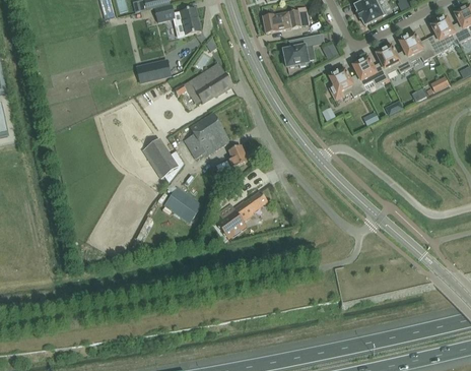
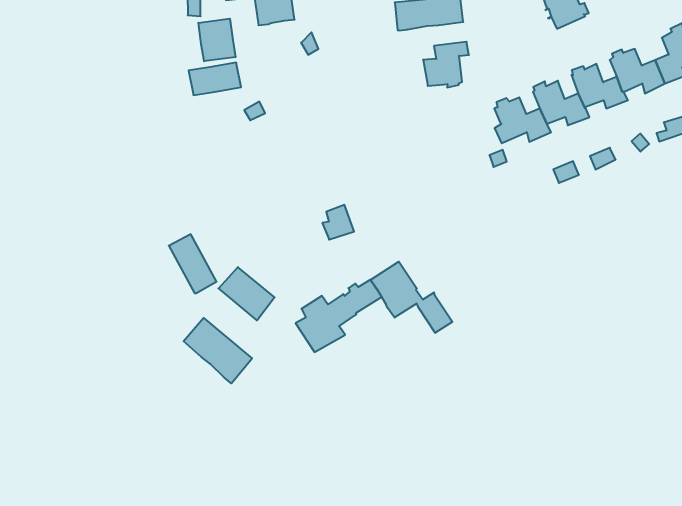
building: none -> [198,19,235,61]
building: [192,70,232,102] -> none
building: [184,113,229,158] -> none
building: [145,138,177,175] -> [169,234,217,293]
building: none -> [371,262,452,333]
building: none -> [184,318,252,383]

